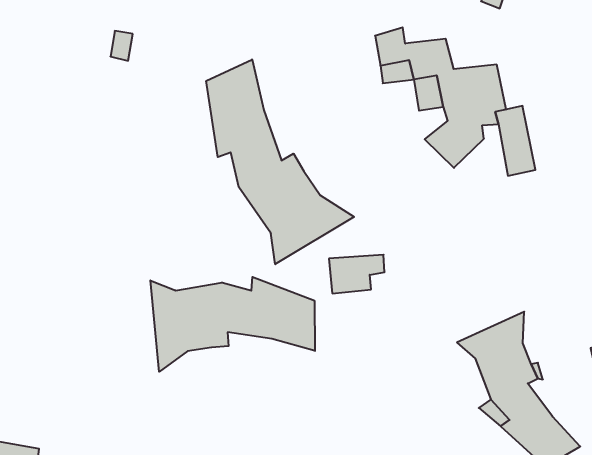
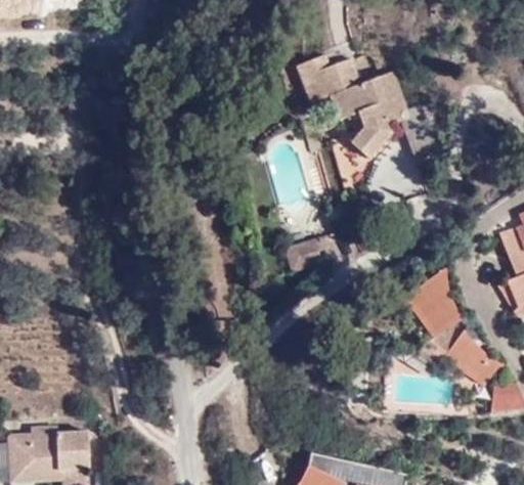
building: [206,59,354,264] -> none
building: [150,277,315,372] -> none

